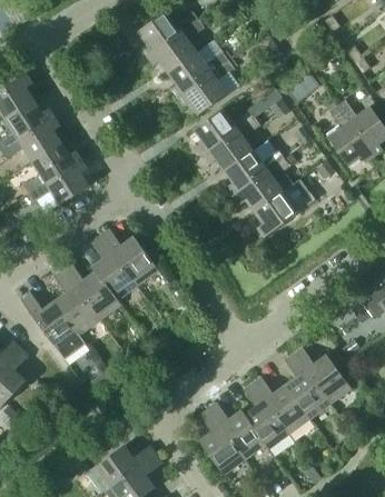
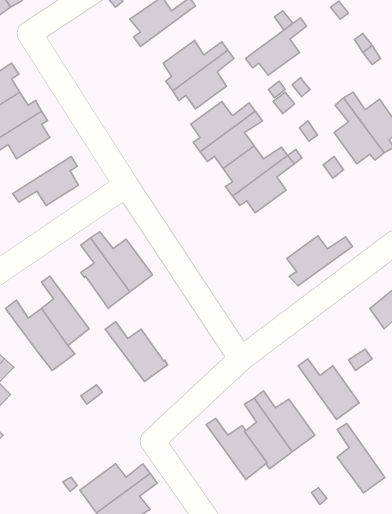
building: [146,19,203,72] -> [246,18,307,75]
building: [21,141,81,193] -> none
building: [253,190,314,237] -> [287,236,353,286]
building: [61,264,119,319] -> [105,322,167,382]
building: [284,354,328,418] -> [337,424,385,493]
building: [197,408,244,475] -> none

